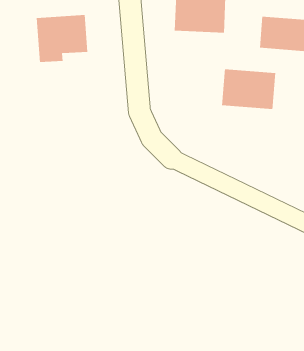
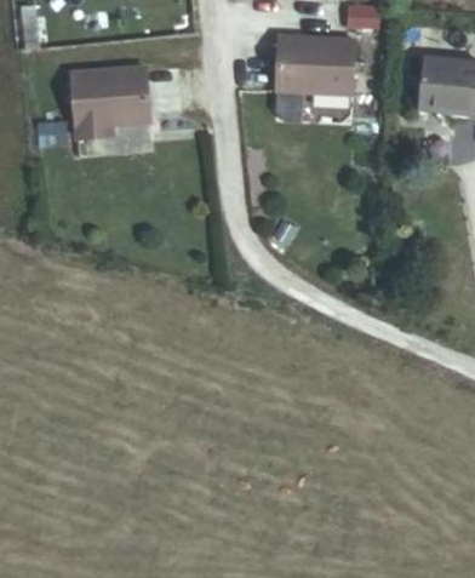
building: [222,68,276,110] -> none

